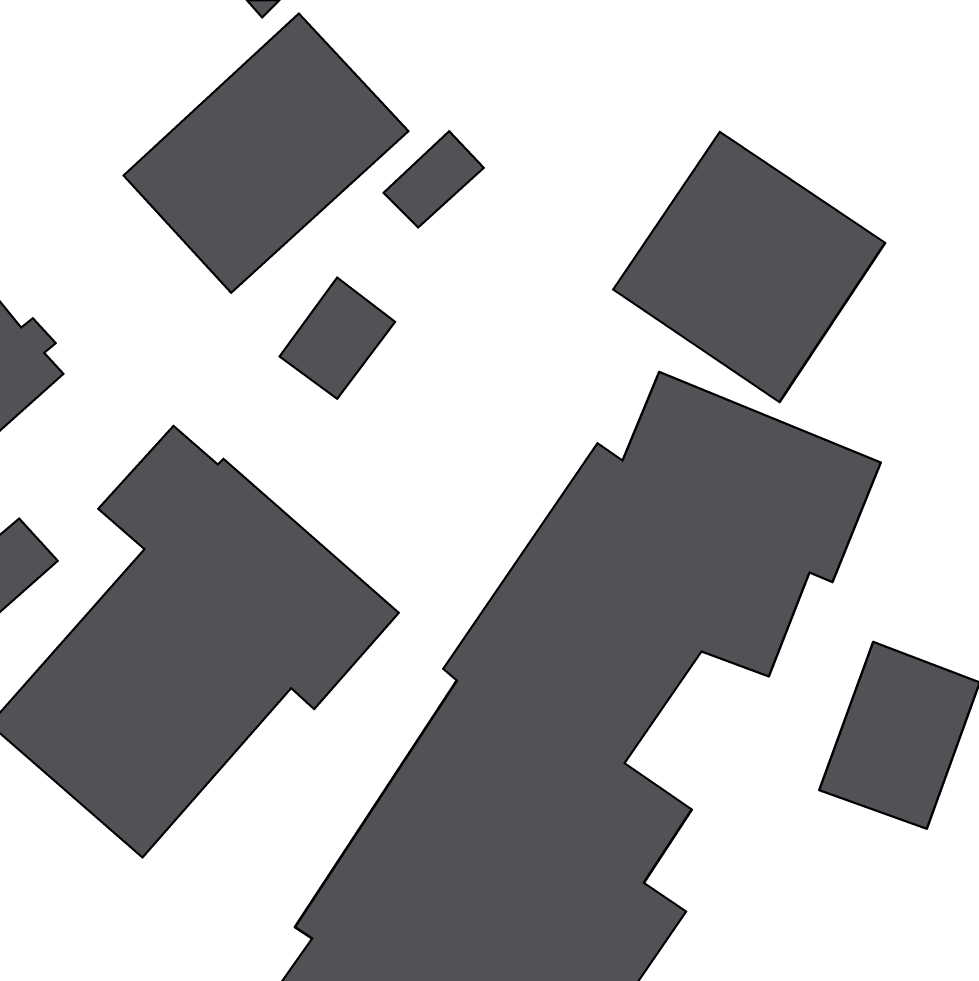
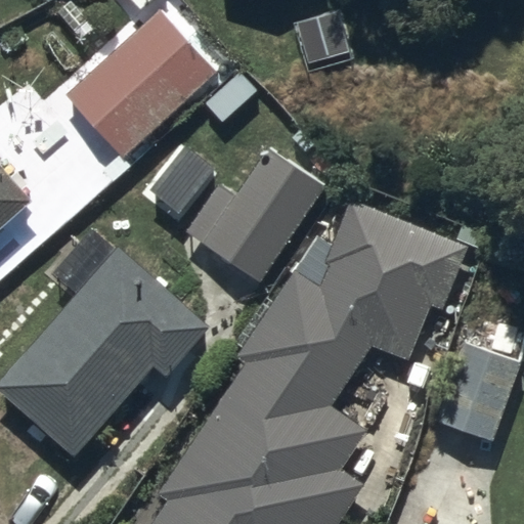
building: [613,132,885,402] -> none
building: none -> [185,148,324,283]

